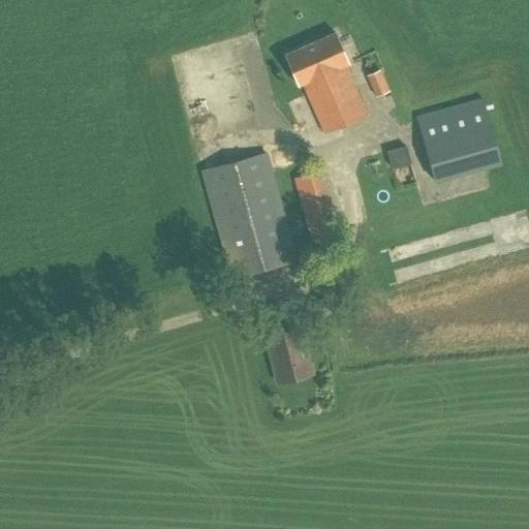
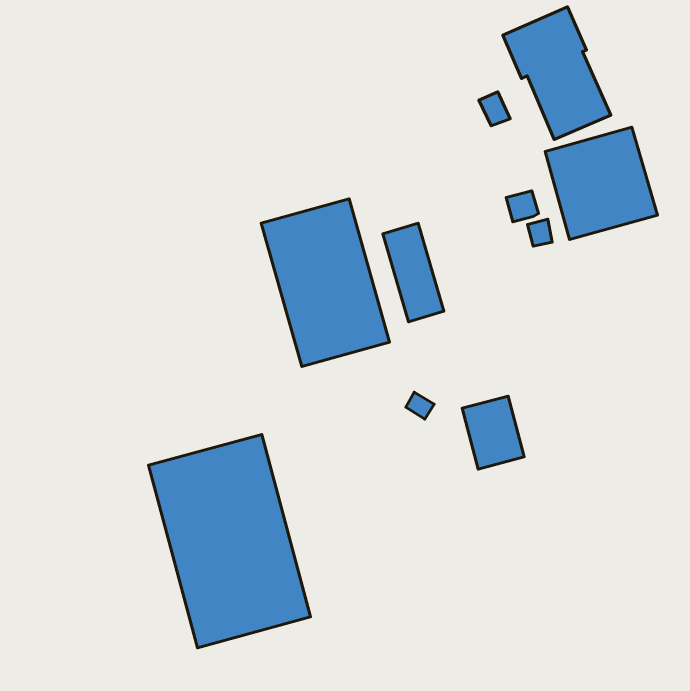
building: [285,32,368,133] -> [503,7,611,139]
building: [266,328,313,383] -> [462,396,524,469]
building: none -> [149,434,310,648]

